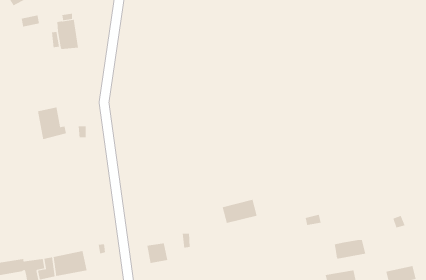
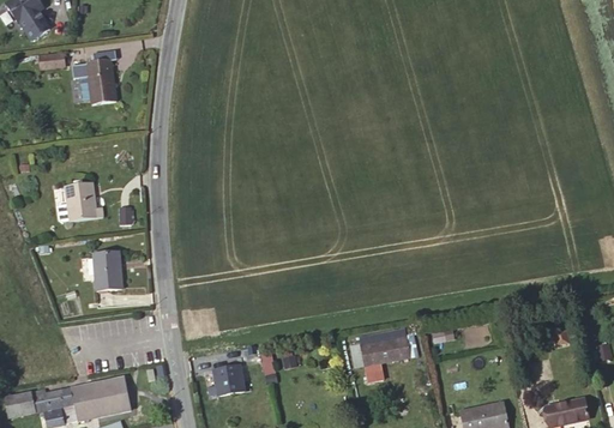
building: none -> [92,252,120,290]
building: [222,199,257,224] -> [360,334,409,368]
building: [334,239,366,259] -> none

